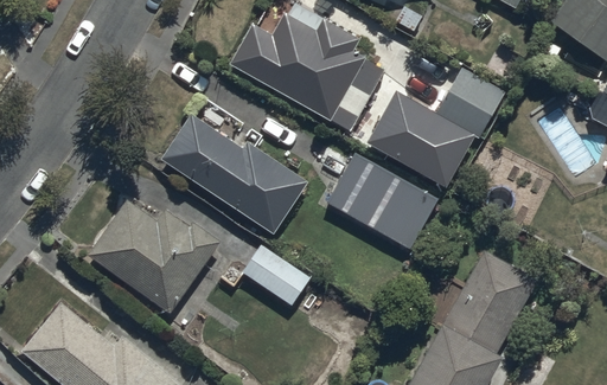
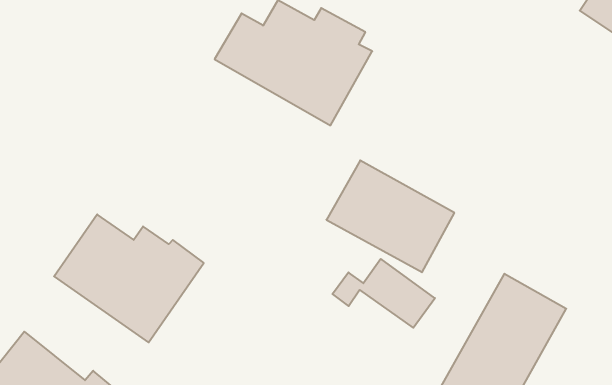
building: [368,68,505,187] -> none
building: [161,115,307,235] -> none
building: [219,245,309,306] -> [332,259,435,328]

